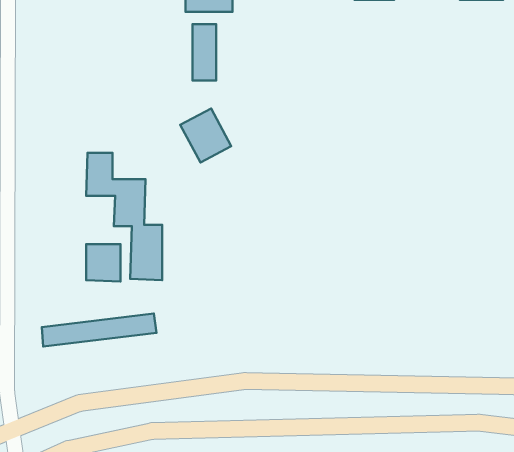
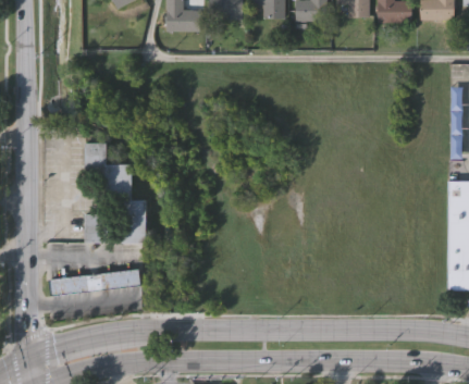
building: [193,24,216,80] -> none
building: [180,108,231,163] -> none

